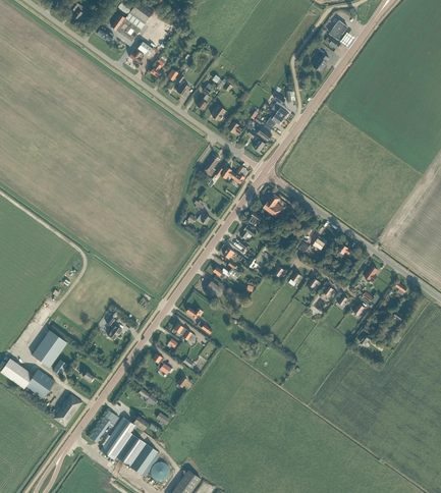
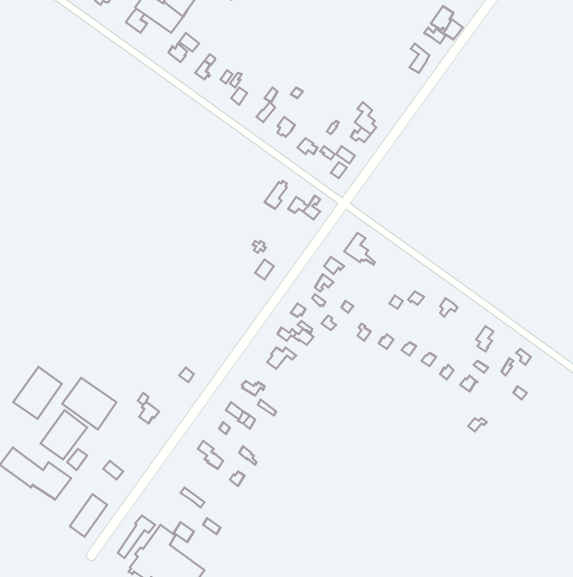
building: none -> [13,367,62,419]
building: none -> [62,378,116,429]

